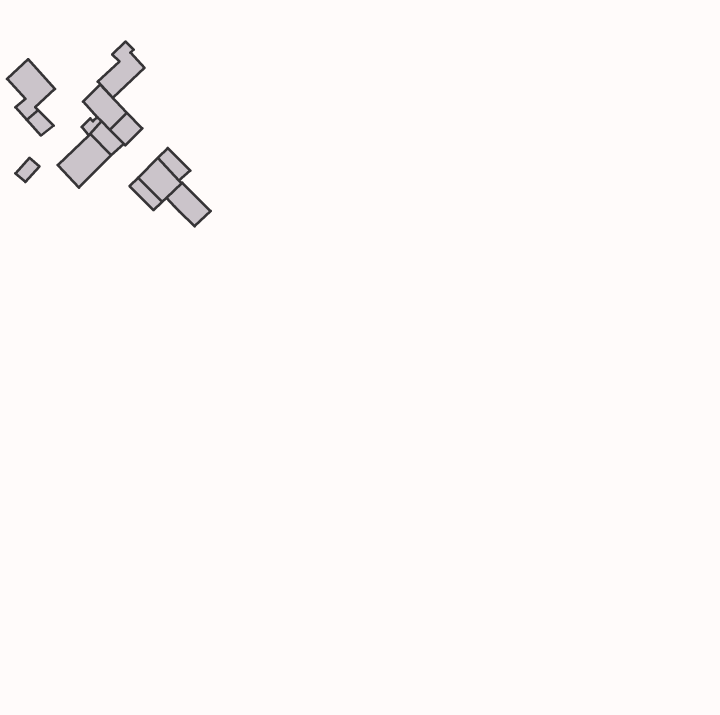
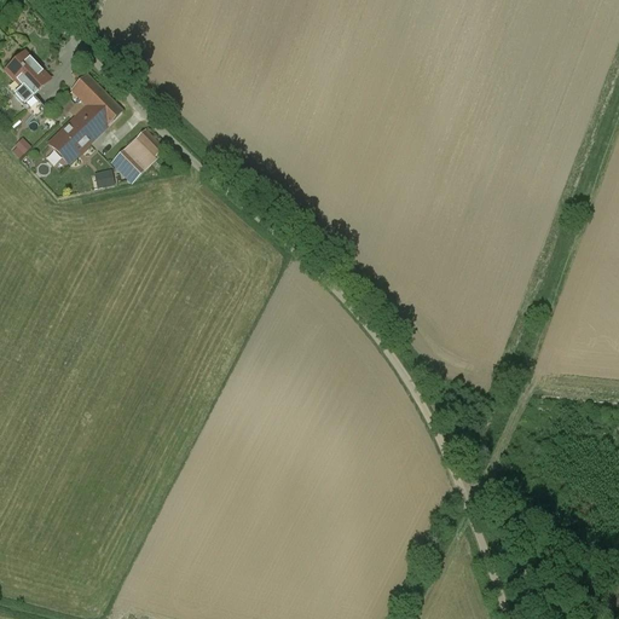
building: [98,42,144,98] -> none
building: [166,183,211,226] -> none

